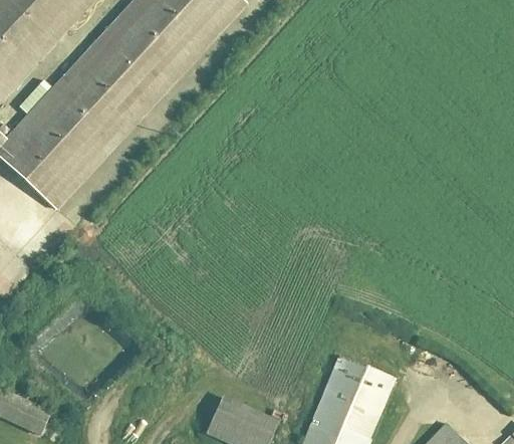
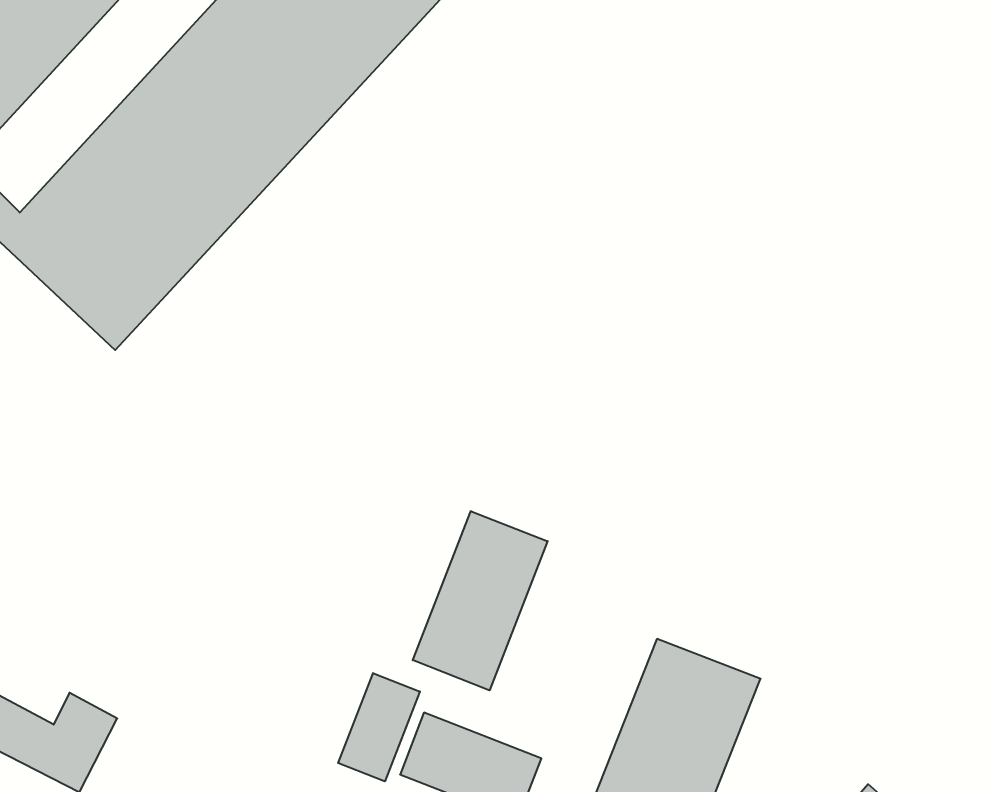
building: none -> [413,511,548,690]
building: none -> [338,673,420,781]

